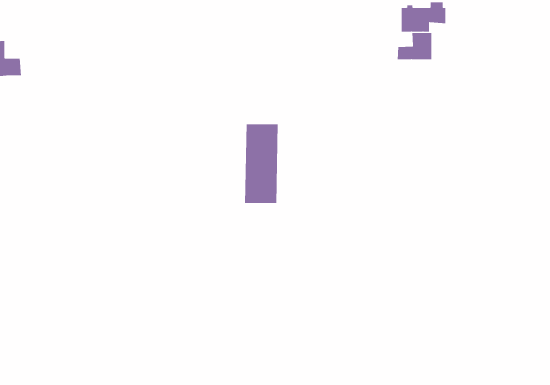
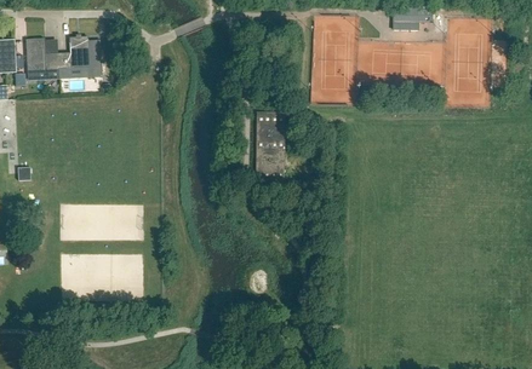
building: [397,32,432,60] -> none
building: none -> [58,36,102,76]

